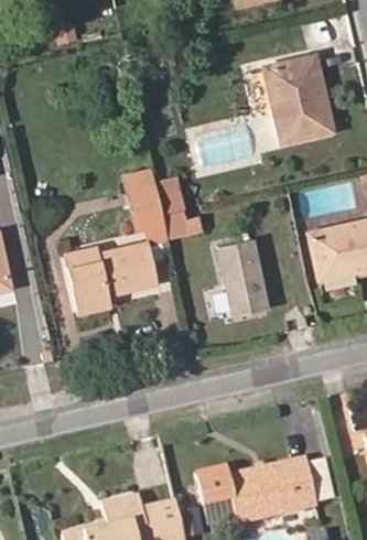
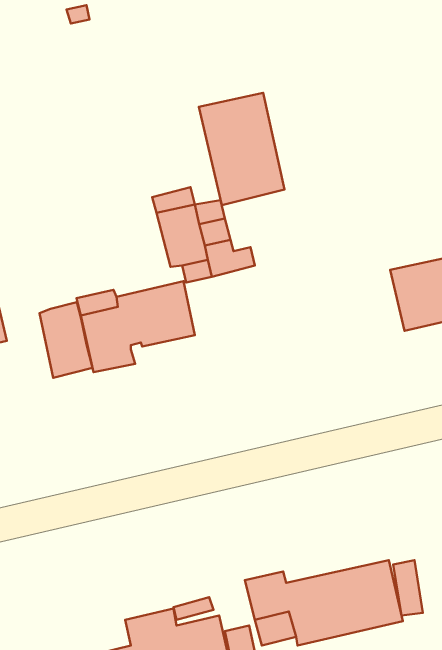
building: [265,55,331,142] -> [199,93,284,205]
building: [215,238,271,317] -> none
building: none -> [39,302,93,378]

